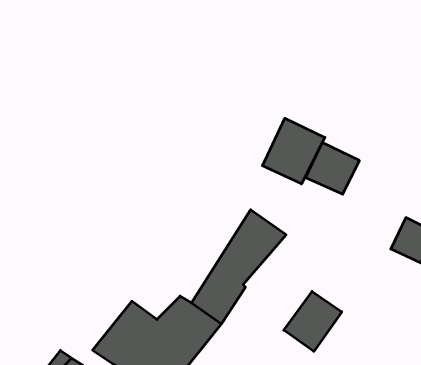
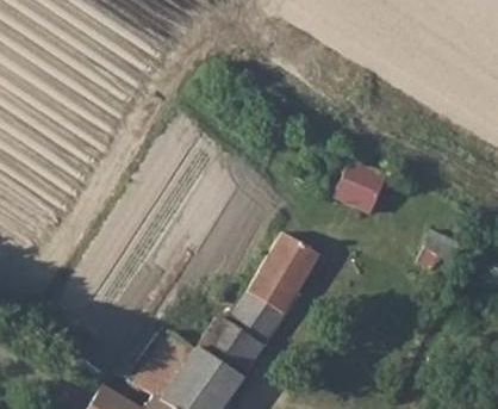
building: [262,118,325,184] -> none
building: [284,291,342,351] -> none

